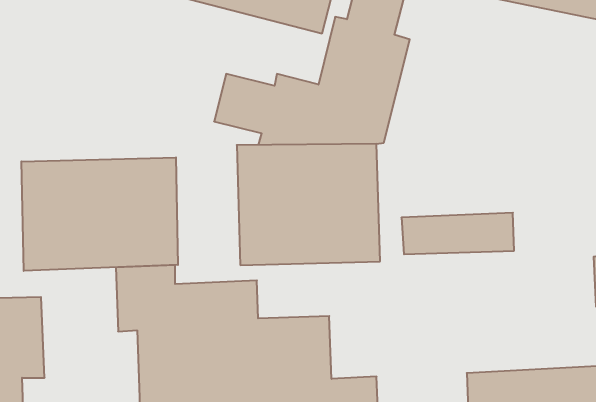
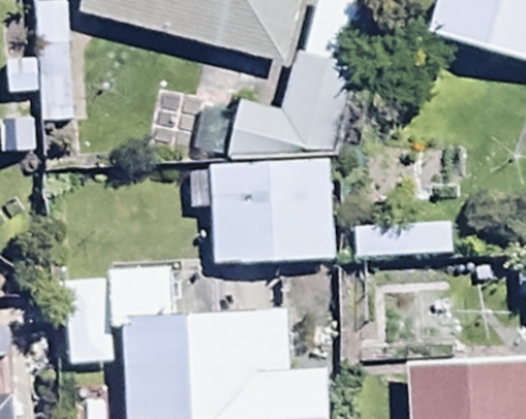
building: [21,157,178,271] -> none

